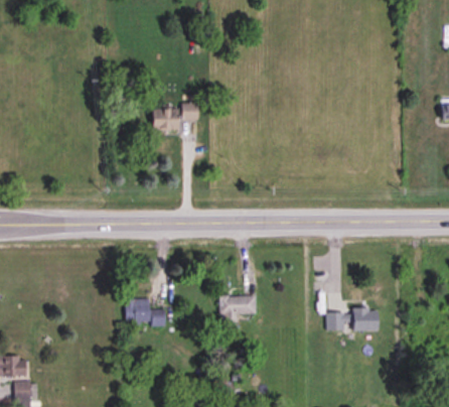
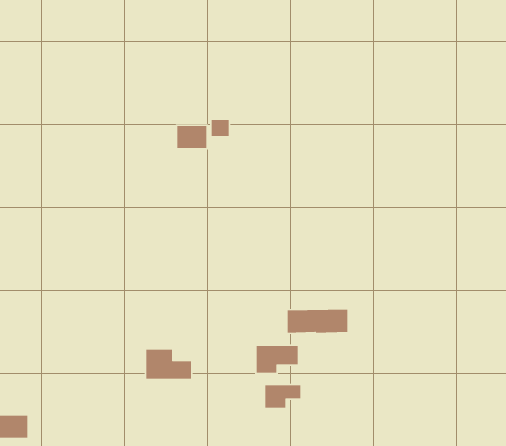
building: [327,309,380,330] -> [287,309,348,334]
building: none -> [265,384,301,408]

